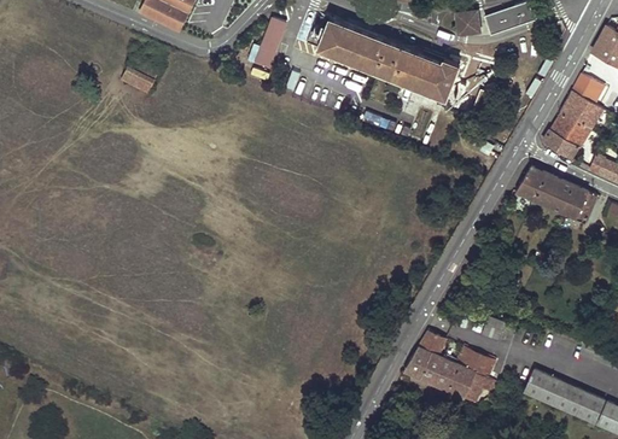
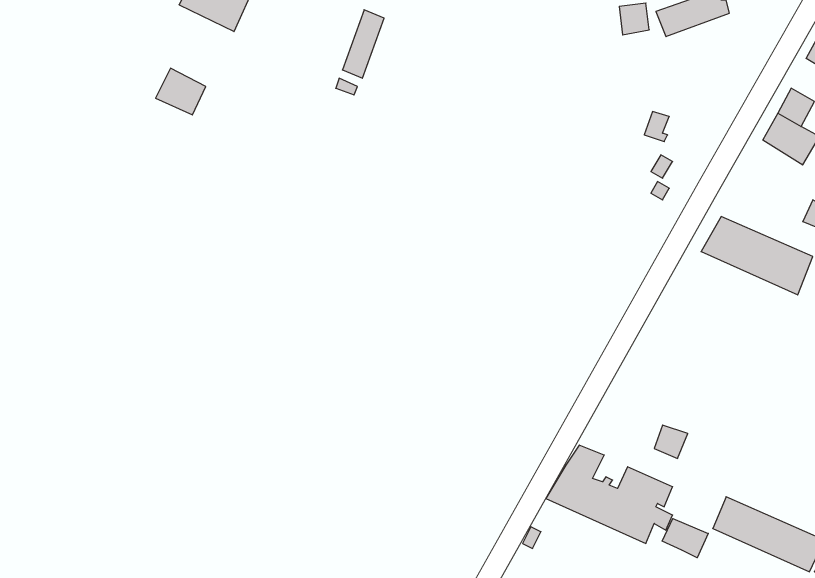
building: [317,17,459,98] -> none
building: [543,110,589,157] -> none
building: none -> [662,519,708,558]

